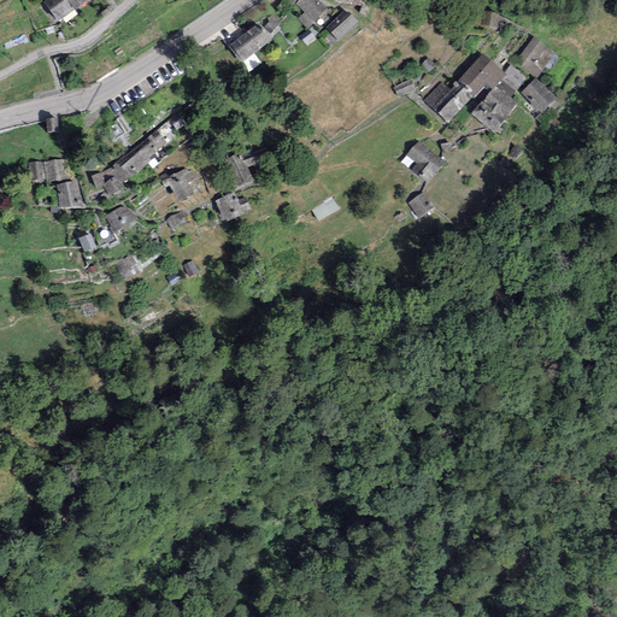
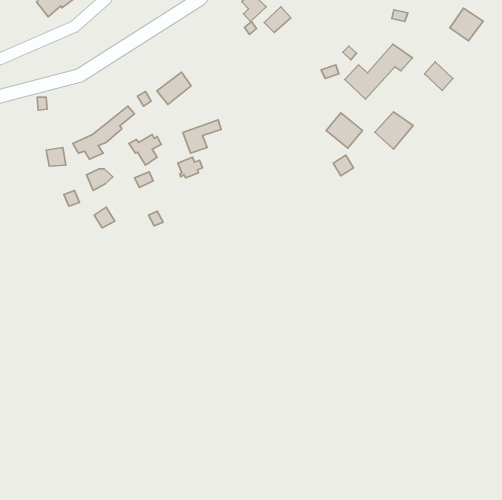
building: [228,24,270,64] -> [157,72,191,104]
building: [515,35,556,75] -> [450,8,483,41]
building: [471,86,518,131] -> [375,112,413,149]
building: [28,158,67,182] -> none

